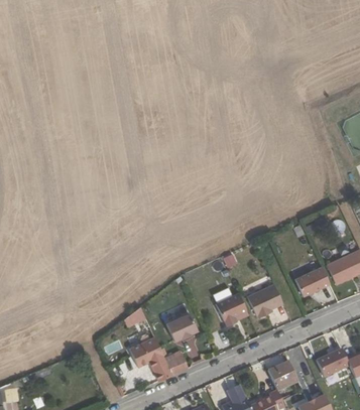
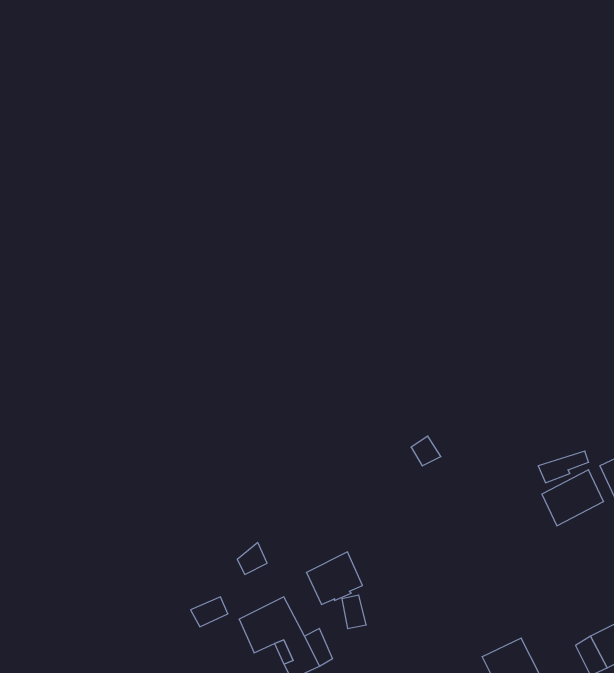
building: [246,284,282,318] -> none
building: [215,292,246,325] -> none

